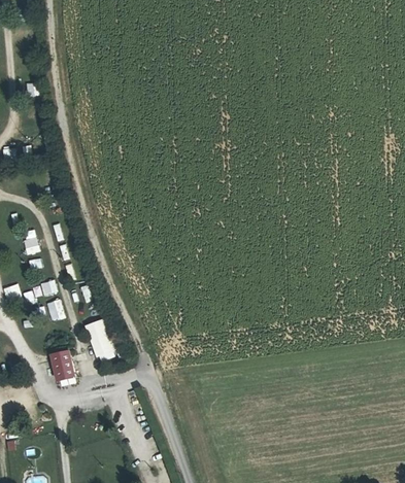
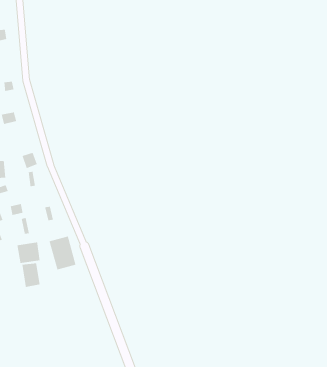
building: none -> [17,242,41,264]

